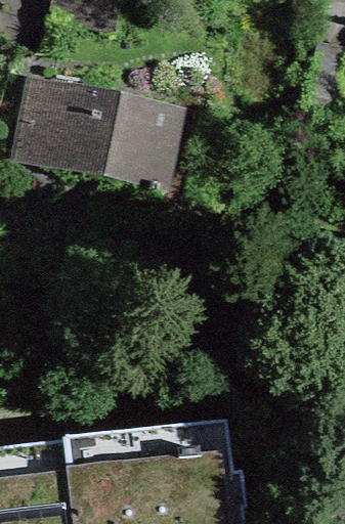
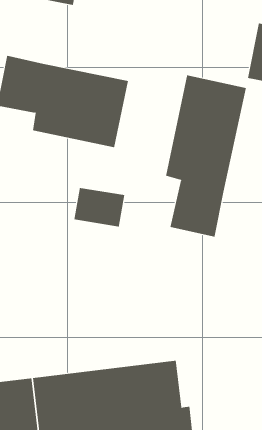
building: none -> [165,74,246,238]

